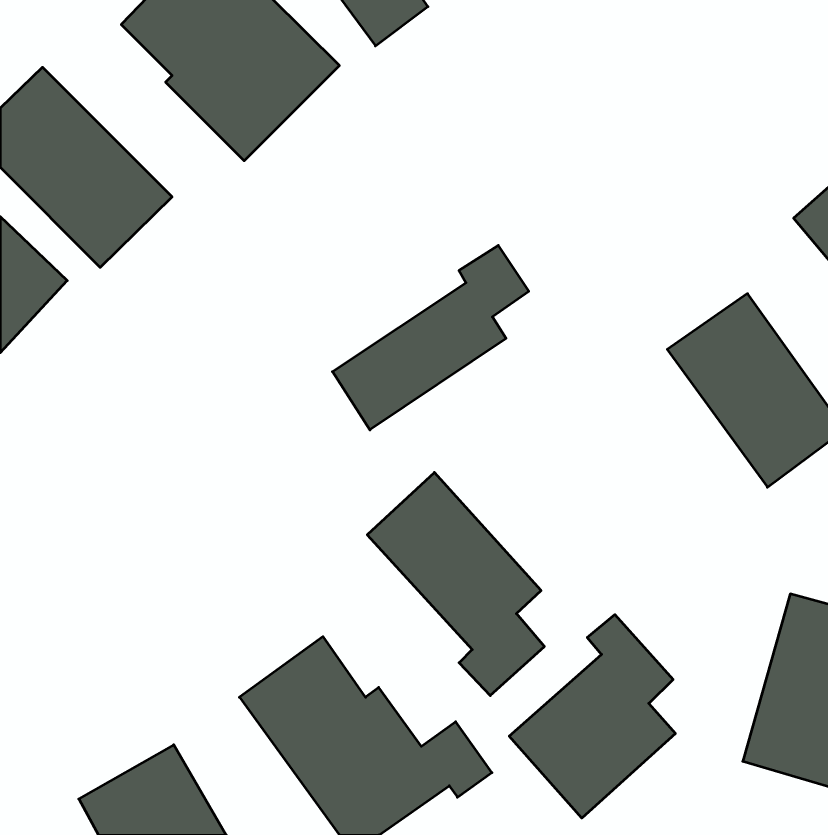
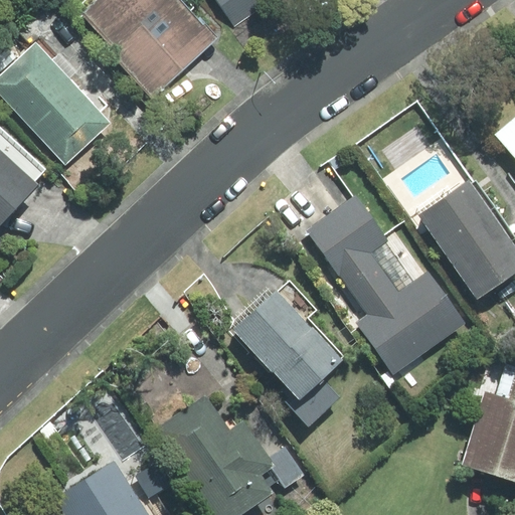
building: [332,245,529,430] -> none
building: none -> [311,198,466,373]
building: [509,615,675,818] -> none

